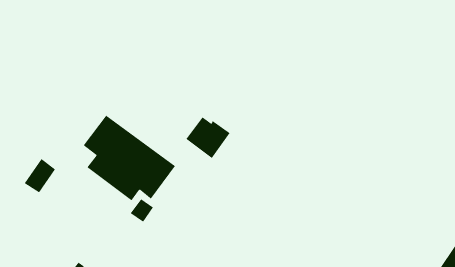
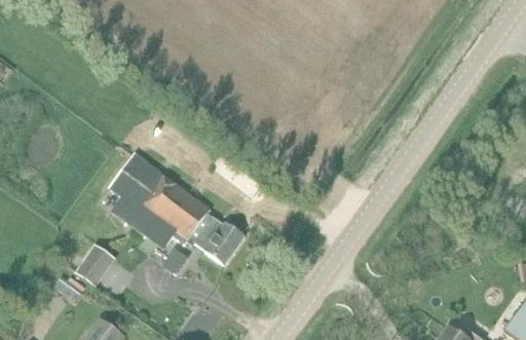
building: [185,117,231,159] -> [195,220,246,267]
building: [24,158,56,193] -> [77,245,113,285]

